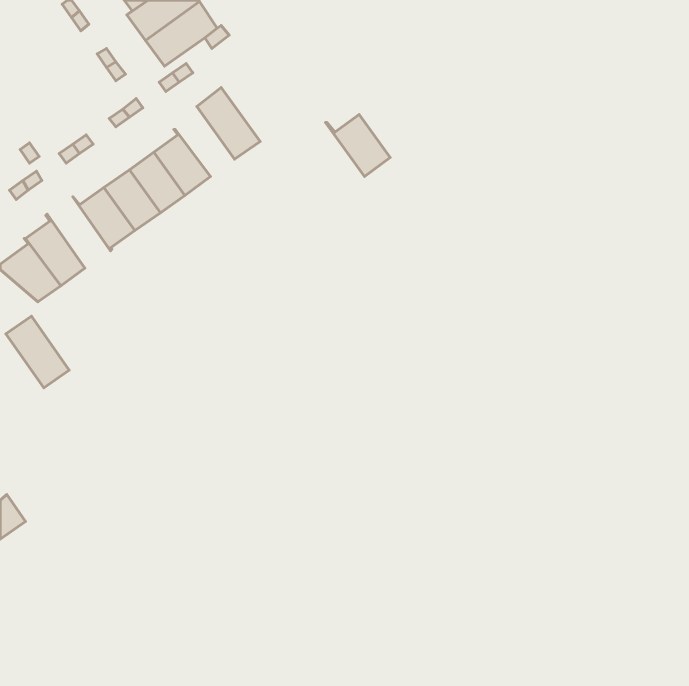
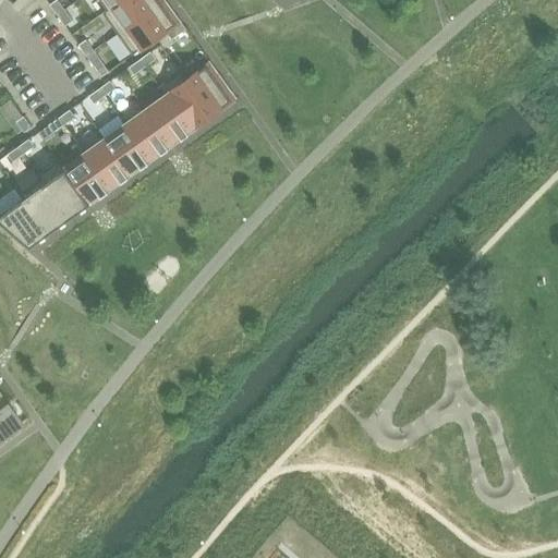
building: none -> [142,88,190,145]
building: [325,114,390,176] -> [179,66,231,117]
building: [6,316,69,388] -> [38,161,89,219]

